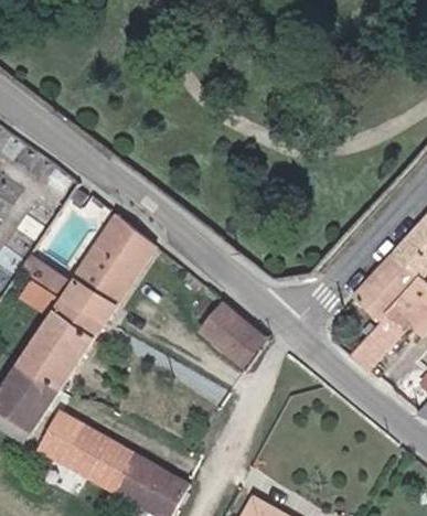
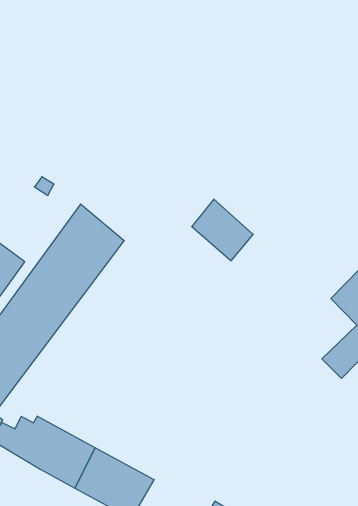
building: [205,304,265,363] -> [192,199,253,261]

